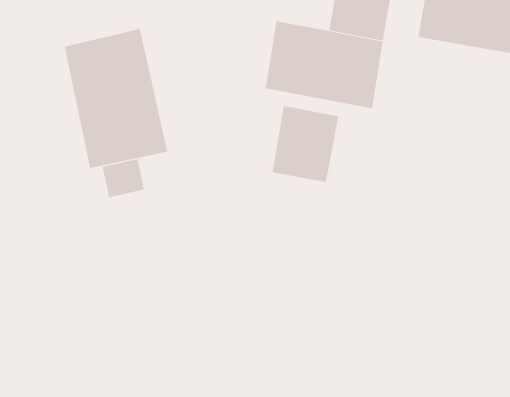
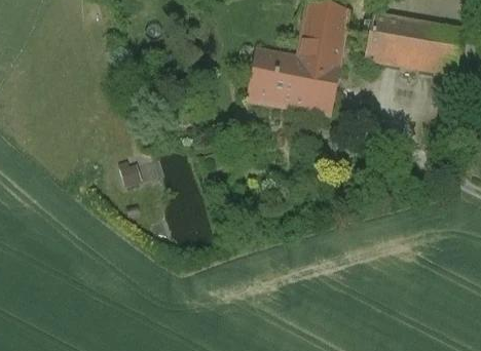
building: [64,28,168,169] -> none
building: [272,105,339,183] -> none

